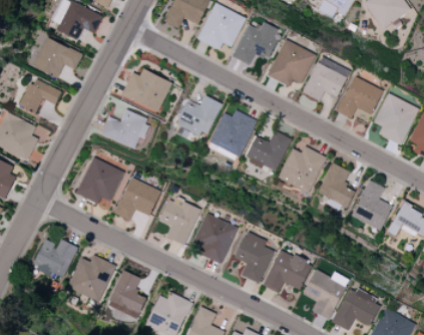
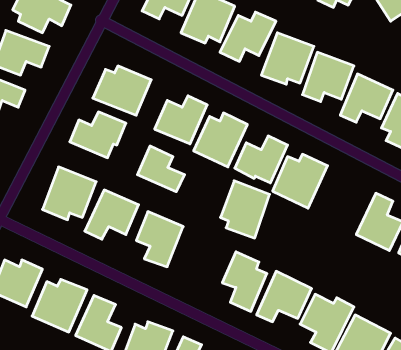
building: none -> [137,146,185,192]
building: [318,162,356,211] -> none
building: [193,214,237,264] -> [220,181,270,238]

